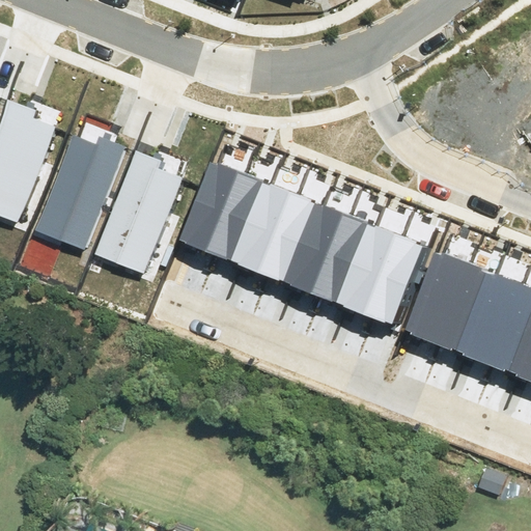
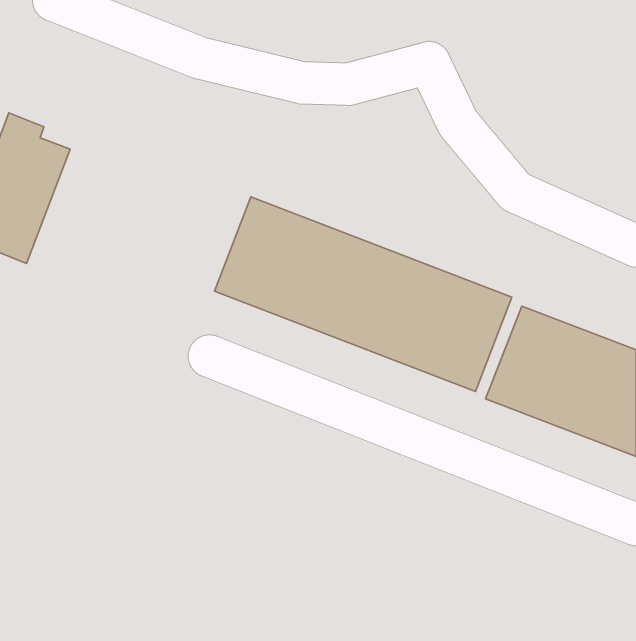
building: [33,134,127,248] -> none
building: [99,146,188,271] -> none

